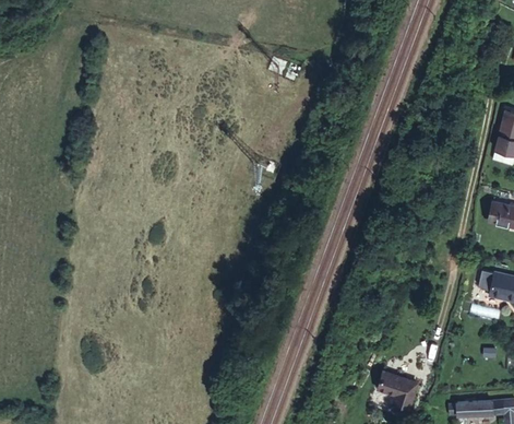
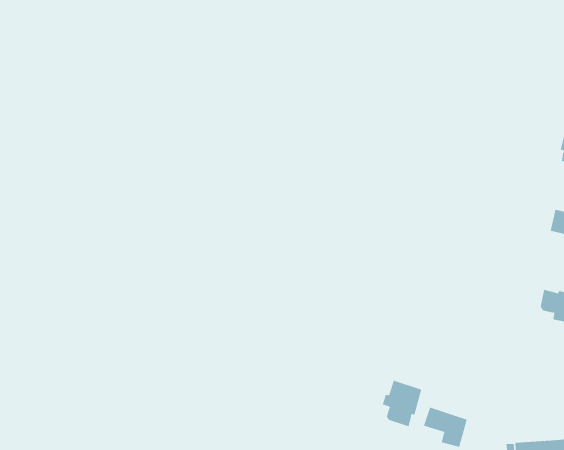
building: none -> [382,380,422,427]

